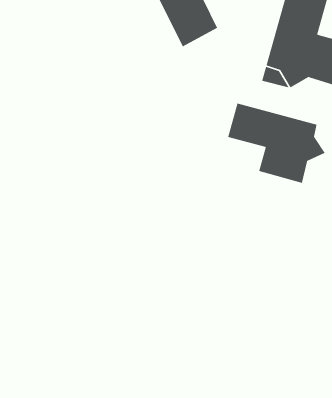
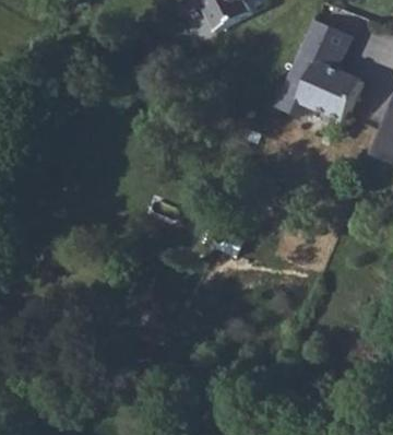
building: [227,103,326,184] -> none

